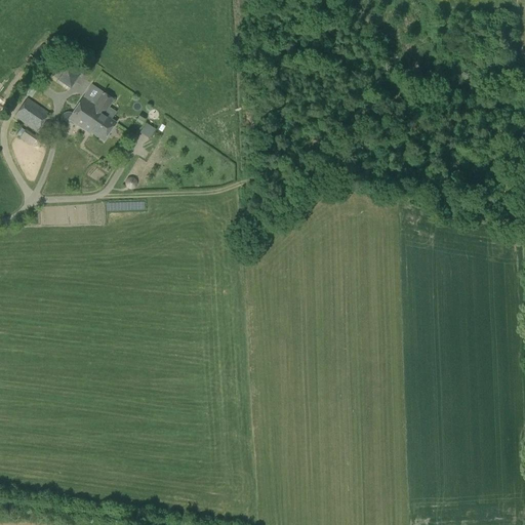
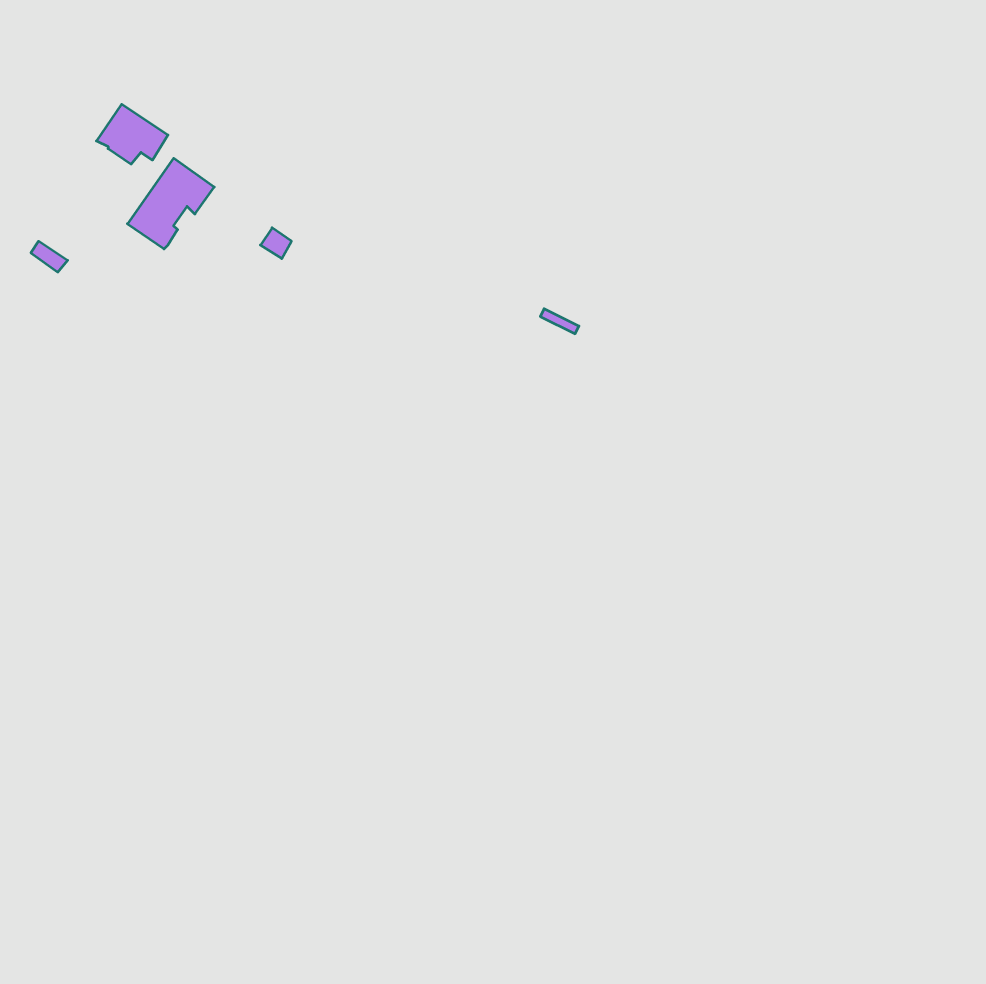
building: [15,98,48,130] -> none
building: [89,110,116,140] -> none

